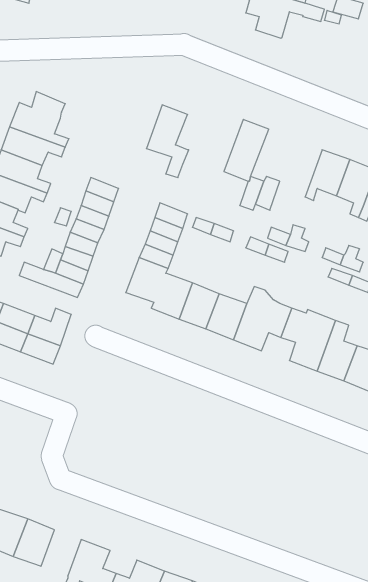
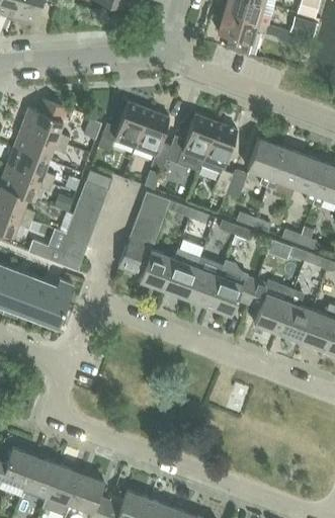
building: none -> [96,101,148,151]
building: none -> [165,114,216,170]
building: none -> [247,138,281,186]
building: none -> [47,464,80,503]

